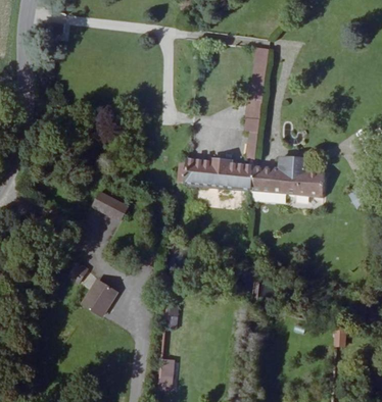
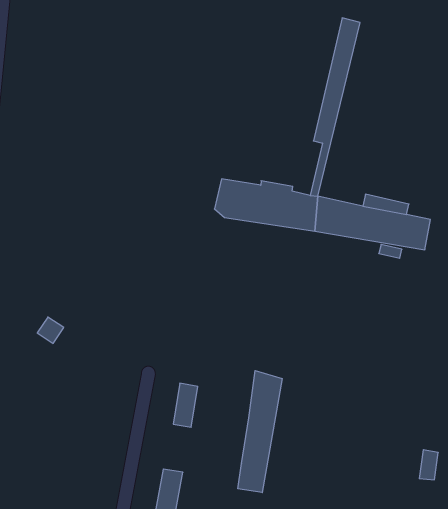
building: [86,193,120,219] -> none
building: [84,277,121,315] -> none
building: none -> [238,371,282,493]

